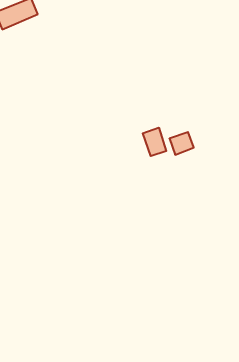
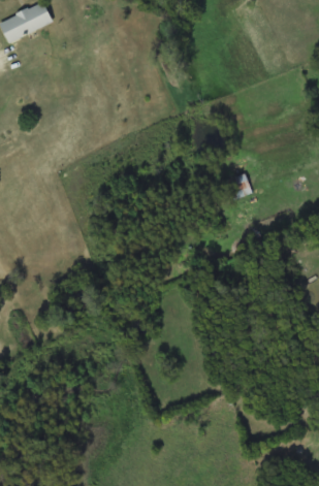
building: [143,128,166,156] -> none

